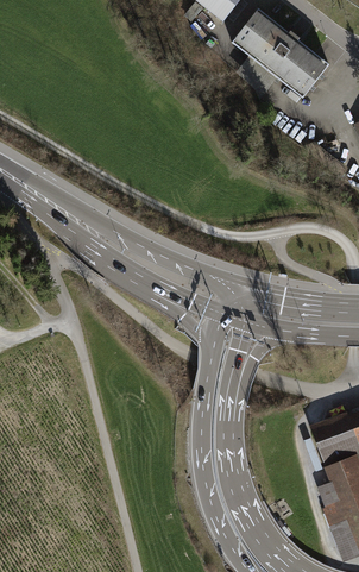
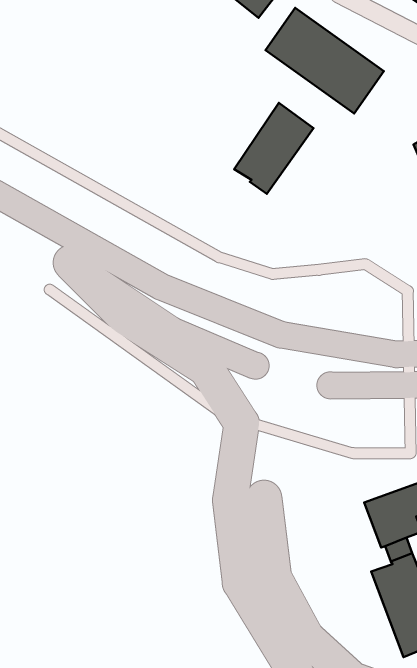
building: none -> [234,103,314,194]

